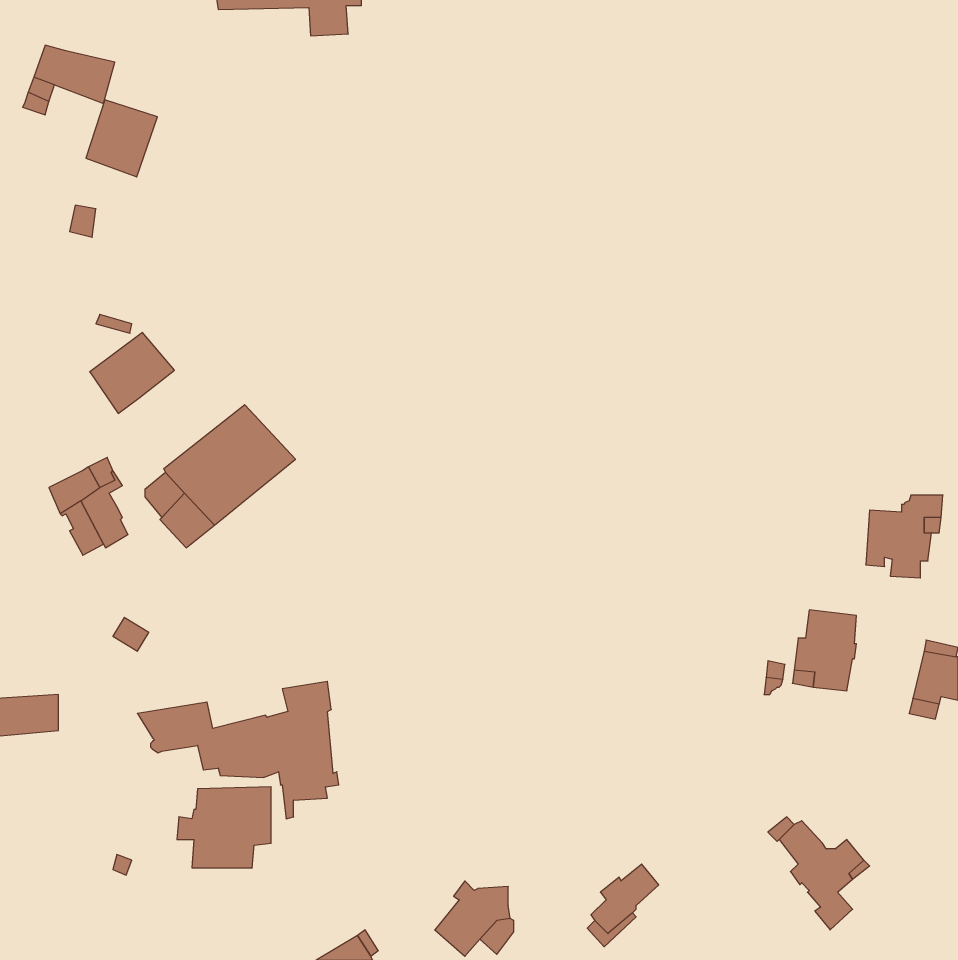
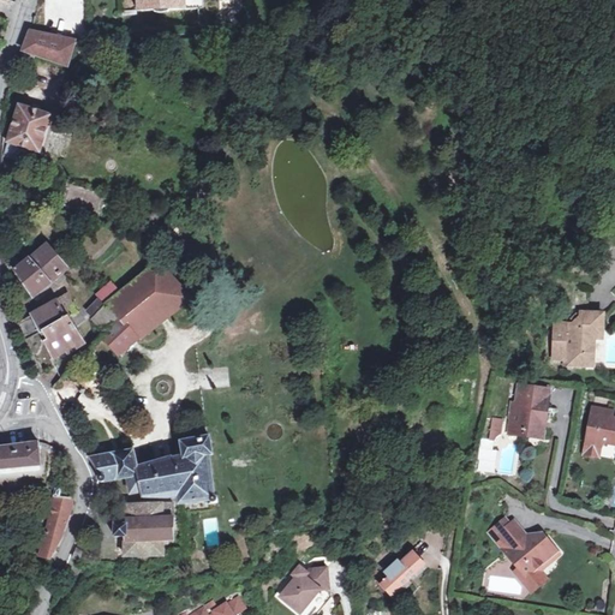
building: [86,100,157,177] -> [6,103,52,153]
building: [90,332,174,413] -> [13,243,67,294]
building: none -> [36,488,68,560]

